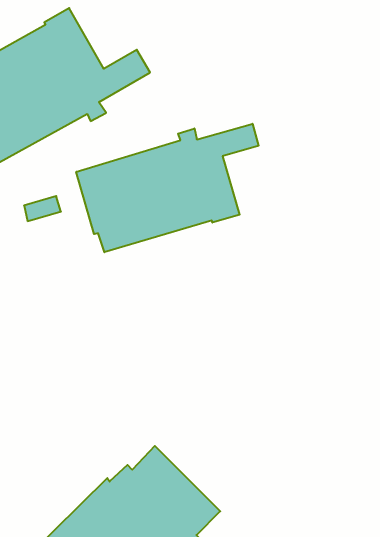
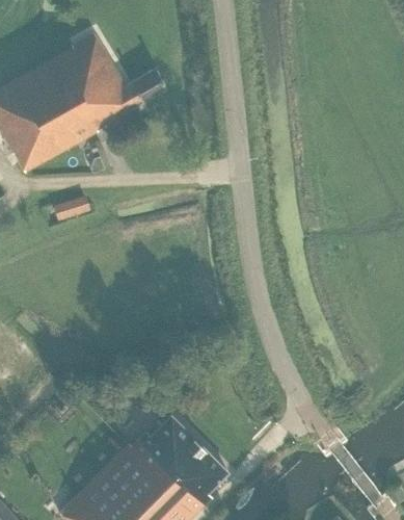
building: [76,124,259,252] -> none

